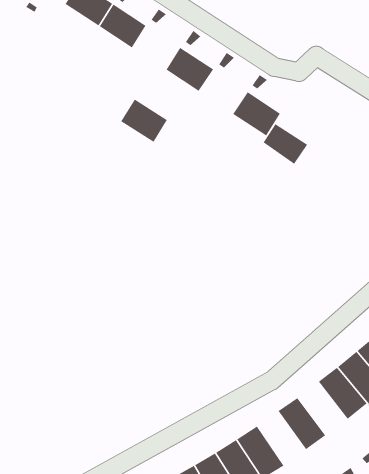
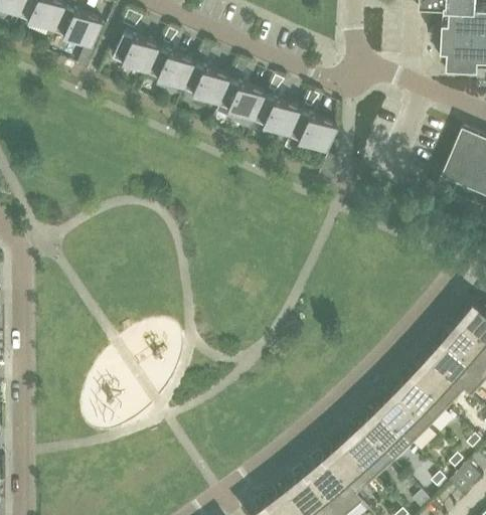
building: none -> [255,95,301,135]
building: [120,99,168,143] -> [184,63,229,103]
building: [263,123,308,165] -> none
building: none -> [395,377,447,427]
building: none -> [361,411,412,463]

